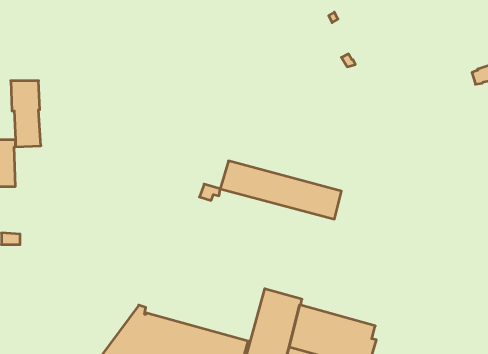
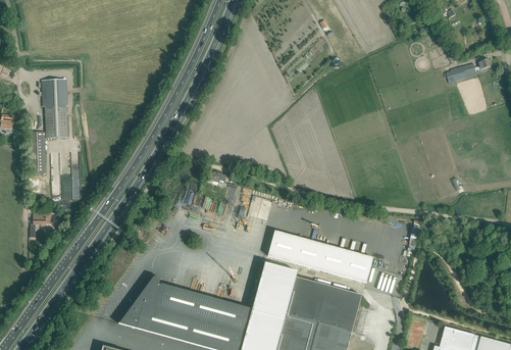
building: [220,161,341,219] -> [267,231,373,282]

